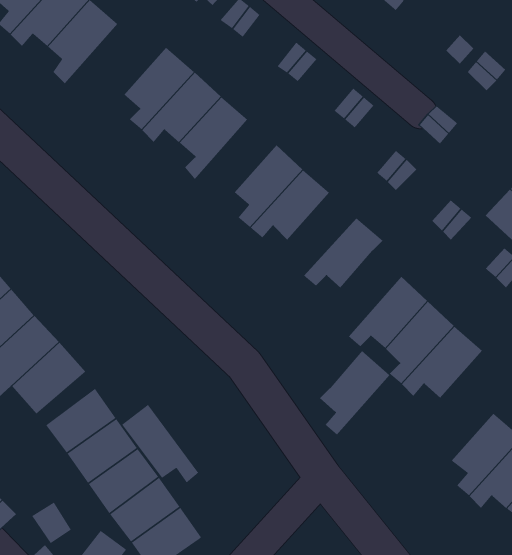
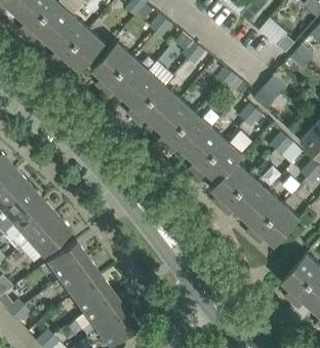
building: none -> [58,30,106,72]
building: none -> [133,85,181,127]
building: none -> [187,127,227,176]
building: [319,350,390,435] -> [211,161,252,210]
building: [121,404,199,483] -> none

